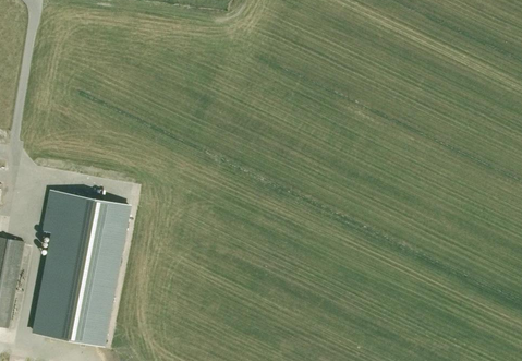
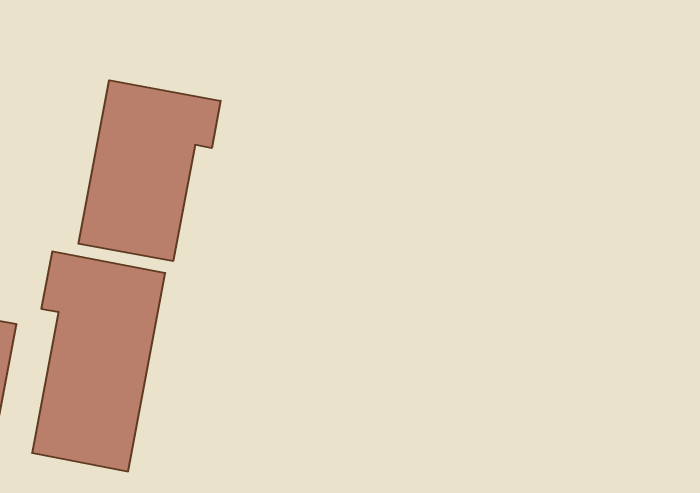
building: none -> [78,80,221,261]

